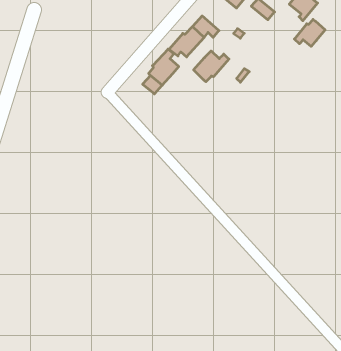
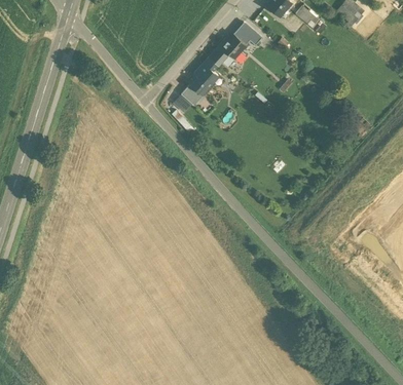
building: [294,19,325,46] -> none
building: [194,51,229,82] -> none

